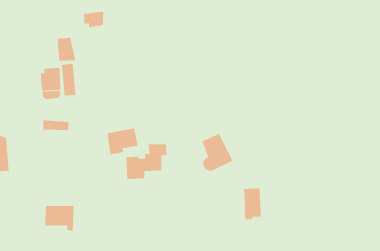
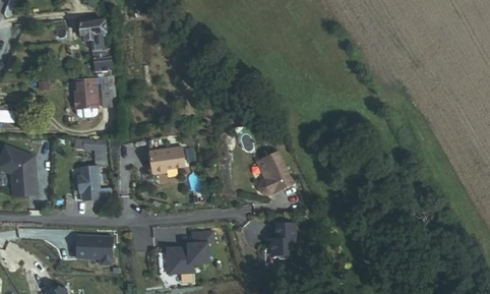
building: [83,11,104,28] -> [79,19,104,39]
building: none -> [80,164,103,200]
building: [126,144,167,179] -> [166,230,213,271]
building: [243,188,262,220] -> [274,225,296,261]

